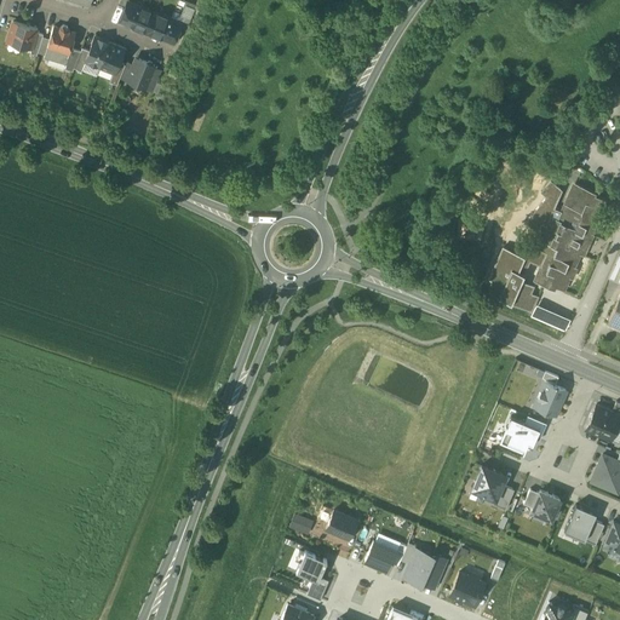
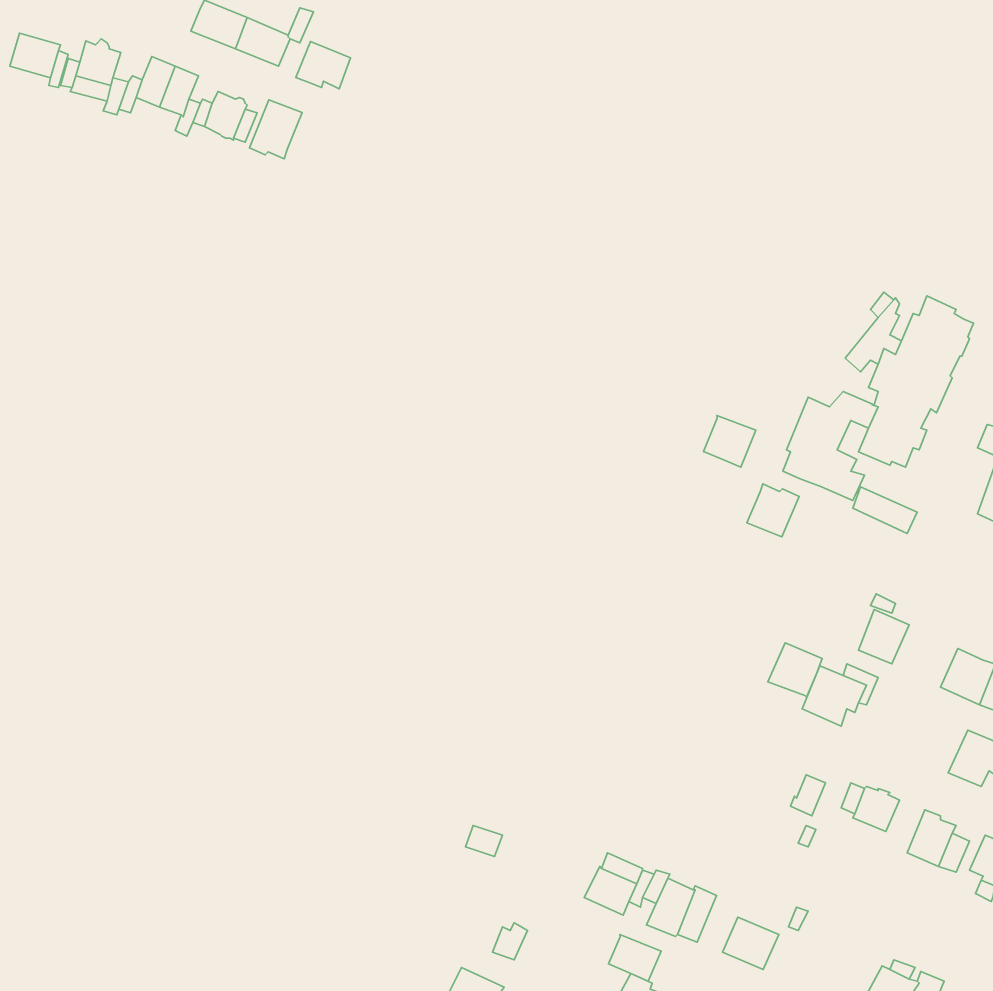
building: none -> [296,41,350,89]
building: none -> [249,100,302,159]
building: none -> [703,416,756,467]
building: none -> [747,484,799,537]
building: [472,465,506,499] -> [768,643,822,697]
building: [326,511,358,539] -> none
building: [297,551,328,581] -> none
building: none -> [609,935,661,981]

